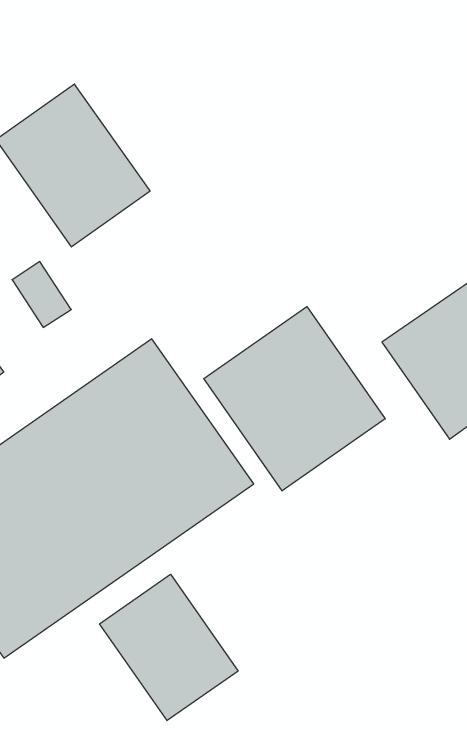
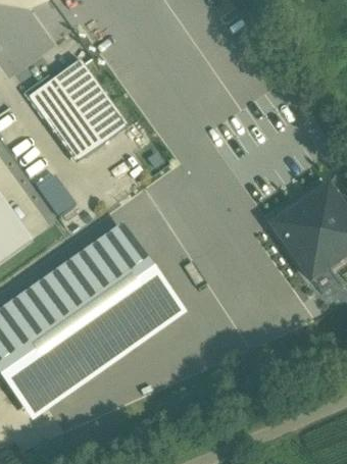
building: [204,307,385,491] -> none
building: [100,574,238,721] -> none

